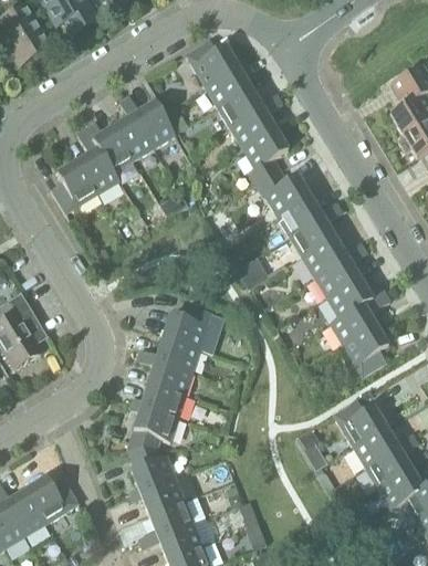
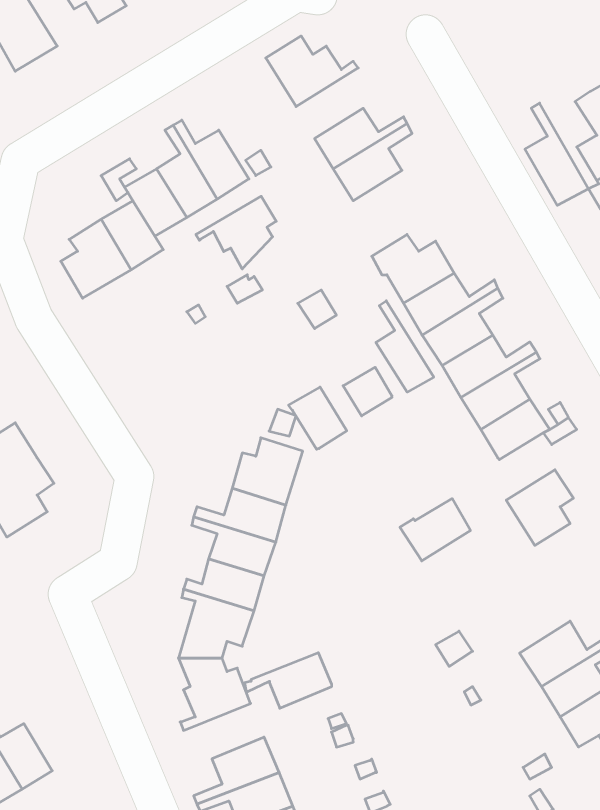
building: [206,61,250,107] -> none
building: none -> [525,103,589,205]
building: [243,128,289,185] -> none
building: none -> [196,196,276,269]
building: none -> [376,301,434,392]
building: none -> [289,387,347,449]
building: [330,304,376,345] -> [400,499,470,561]
building: [334,401,386,446] -> none
building: [27,479,79,523] -> none
building: [127,479,185,515] -> [244,653,332,708]

